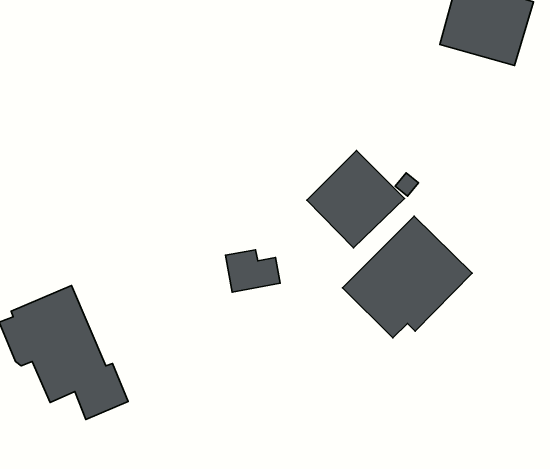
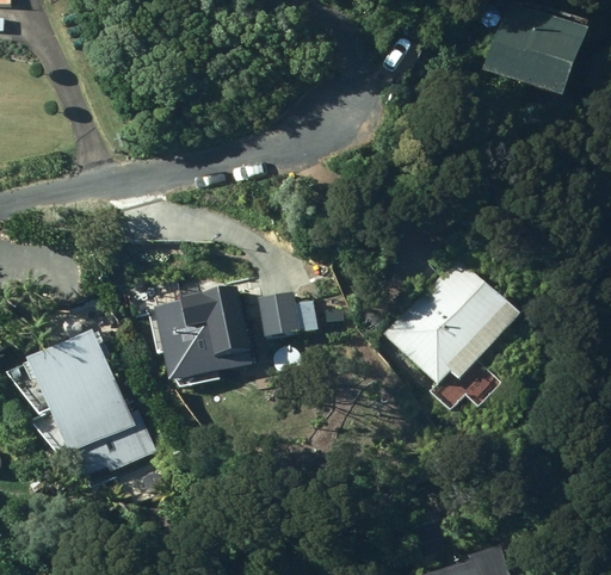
building: [307,150,404,248] -> none
building: none -> [148,282,253,382]

